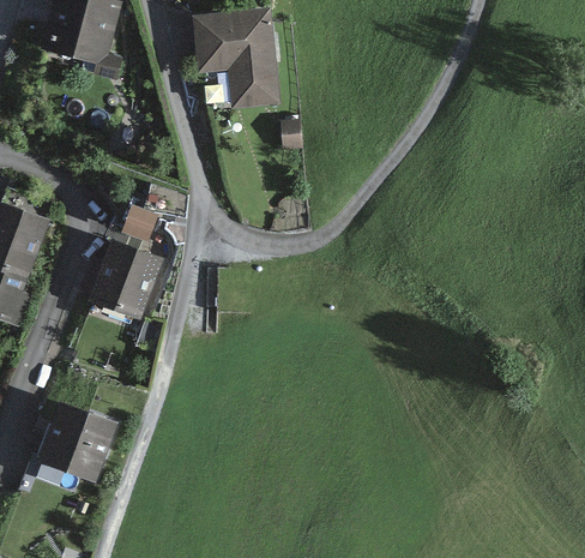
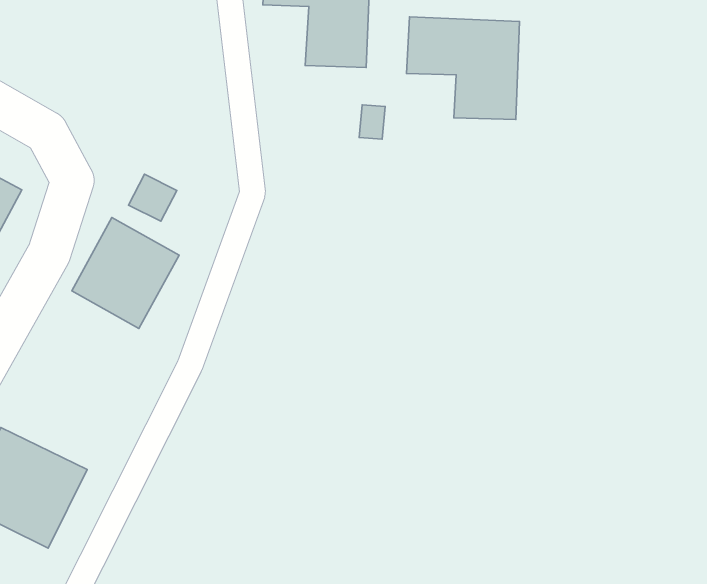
building: none -> [407,17,519,120]

